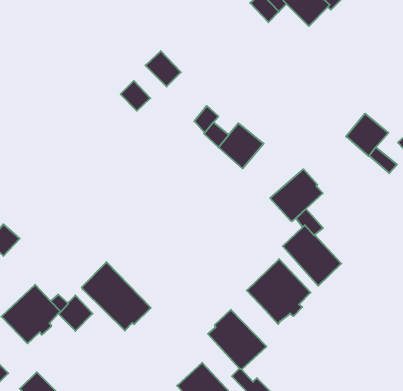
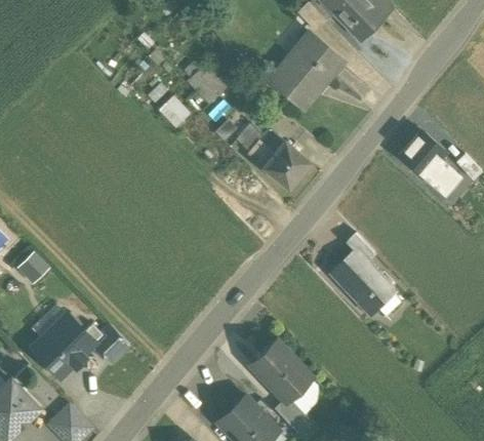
building: none -> [269,32,344,109]
building: [270,169,323,221] -> none
building: [247,259,311,324] -> none
building: [82,262,151,331] -> none

